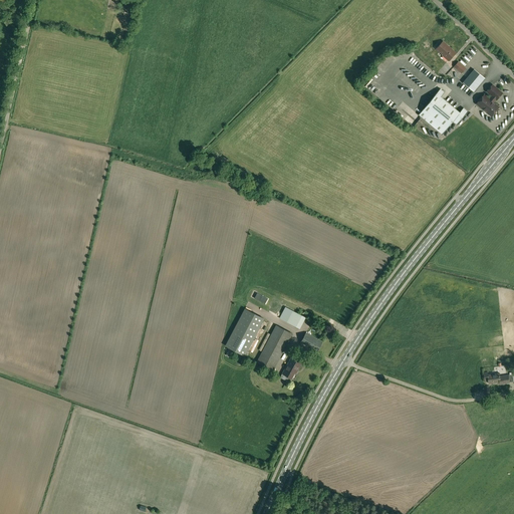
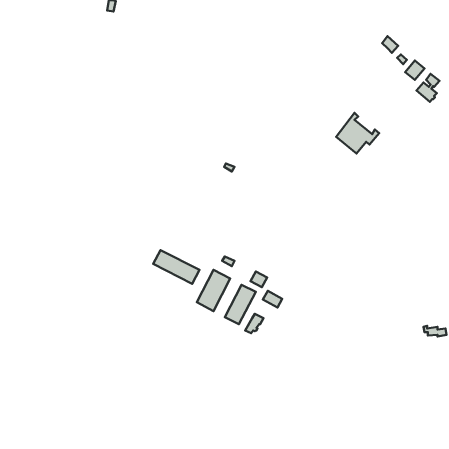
building: [419,88,468,135] -> [336,113,379,153]
building: none -> [153,250,199,284]

